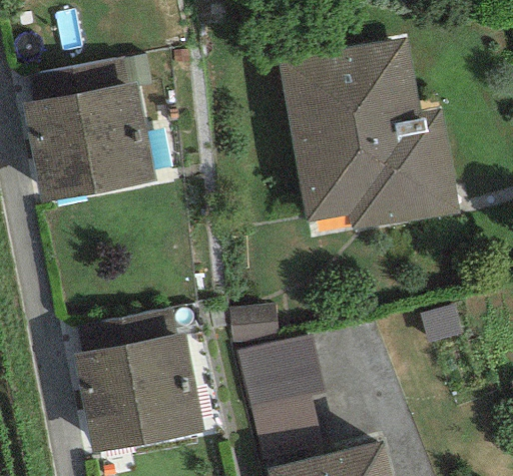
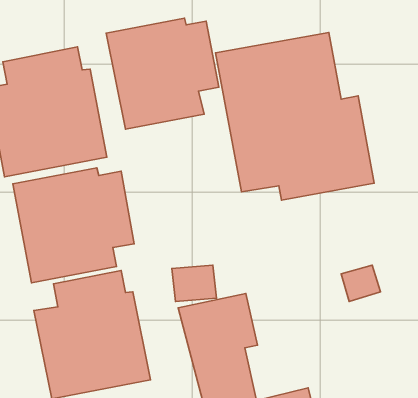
building: none -> [106,18,219,129]
building: none -> [13,168,134,283]

